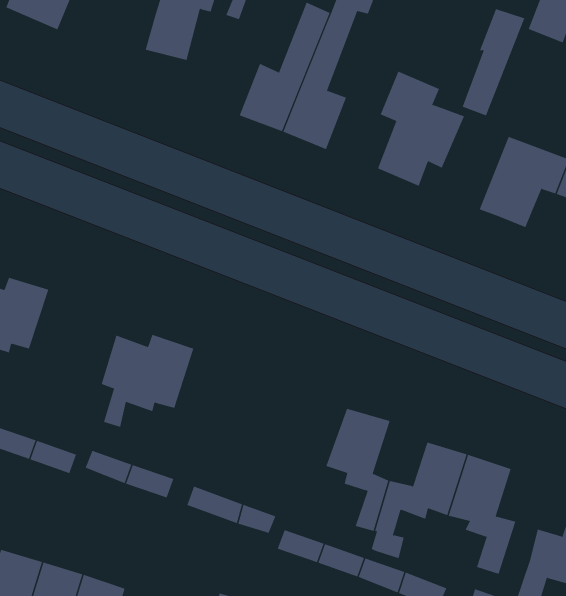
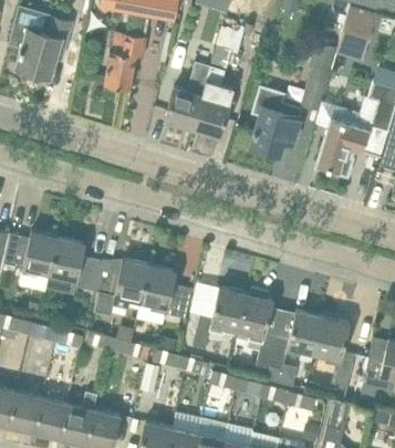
building: none -> [49,237,101,292]
building: none -> [141,265,193,320]
building: none -> [194,288,246,350]

